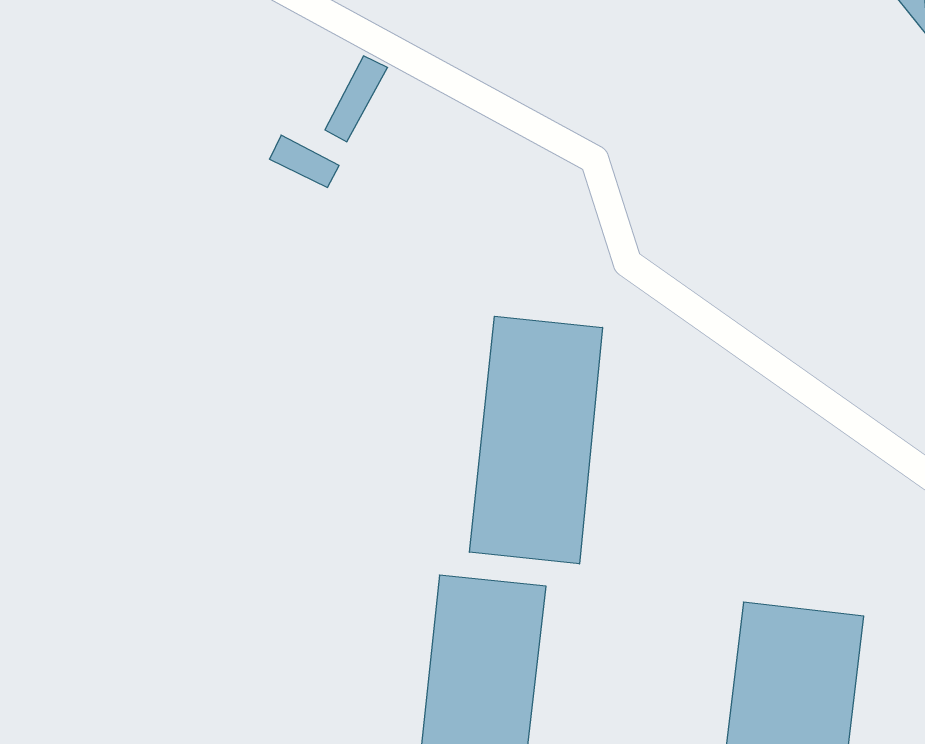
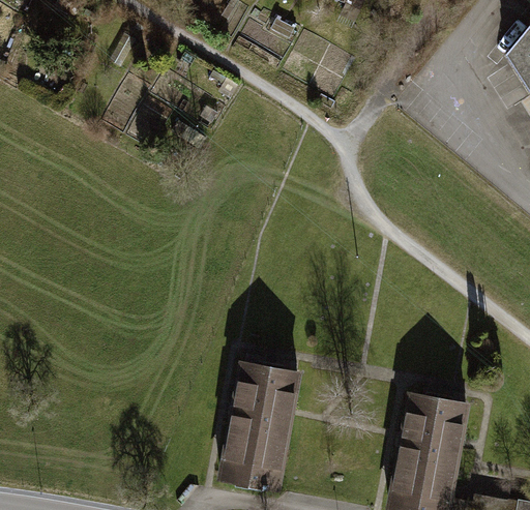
building: [469,316,602,564] -> none

